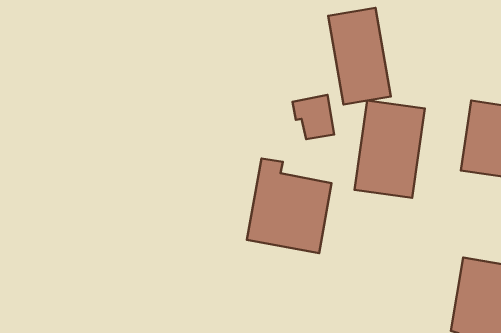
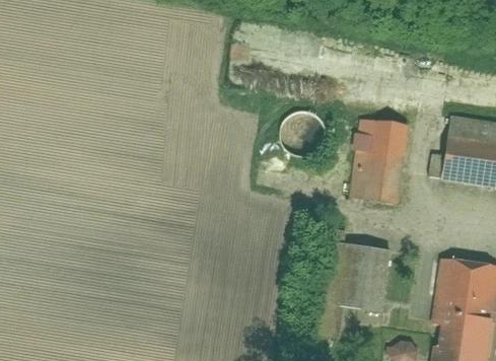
building: [328,8,391,105] -> none
building: [247,158,331,253] -> [314,227,391,312]

